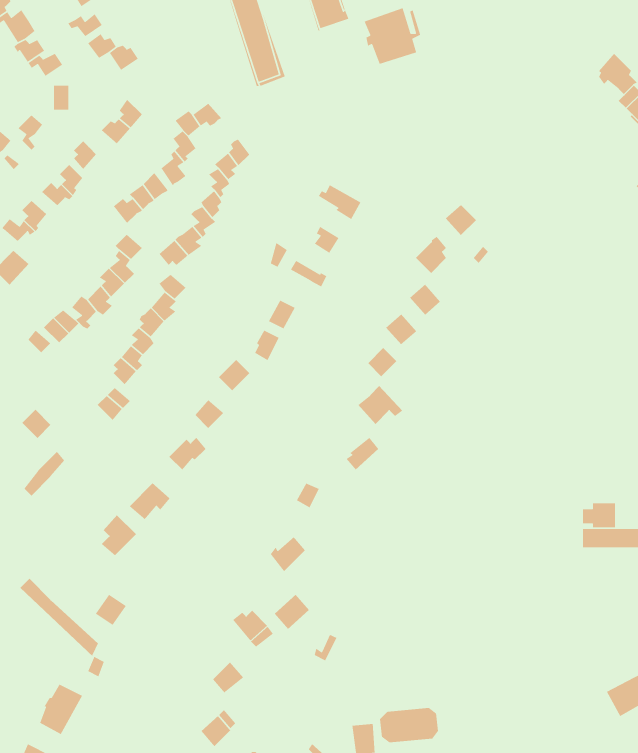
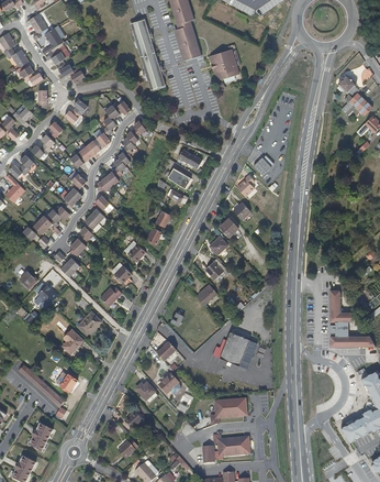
building: none -> [329,291,351,322]
building: none -> [213,331,254,366]
building: none -> [215,397,247,417]

